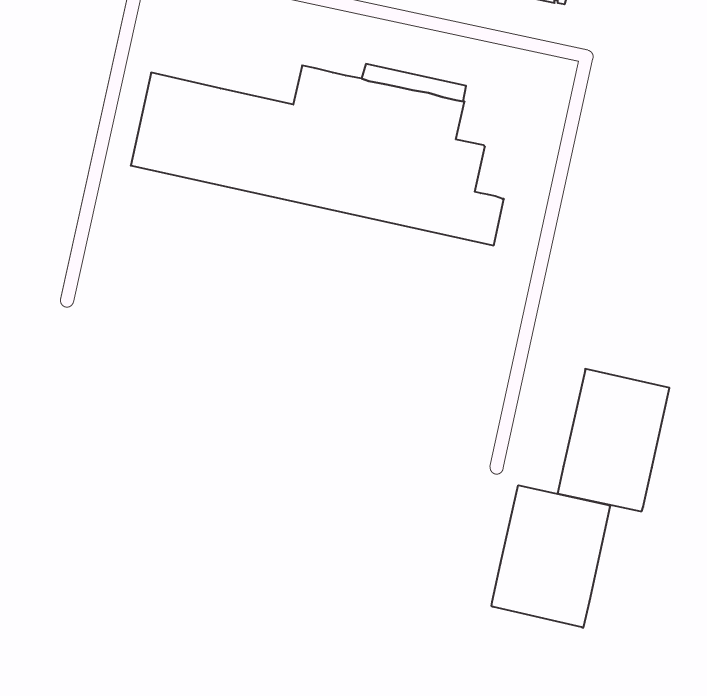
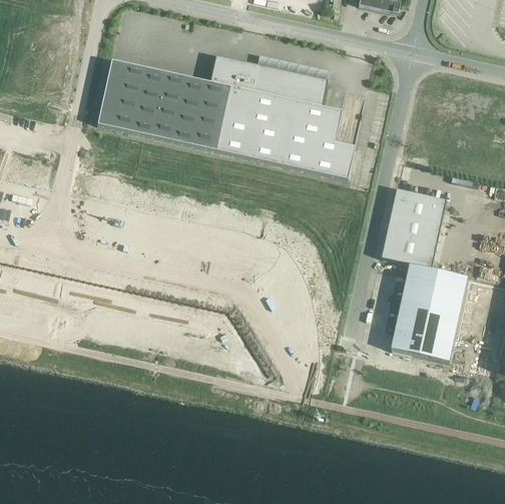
building: none -> [382,188,447,269]
building: [492,485,610,628] -> none

